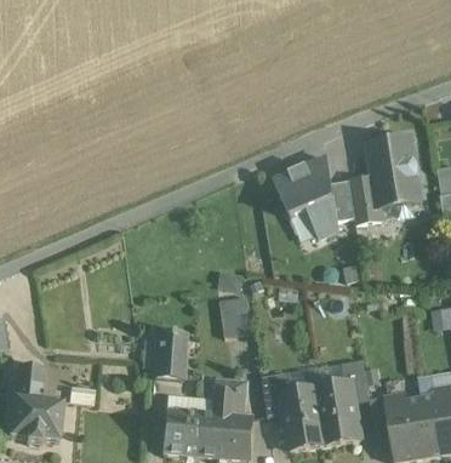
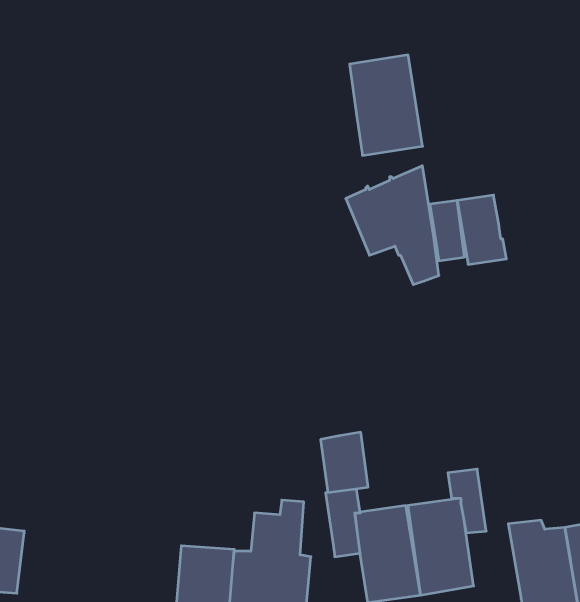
building: [370,139,418,206] -> [350,55,423,155]
building: [219,296,251,336] -> [321,432,368,492]
building: [152,343,184,378] -> none

